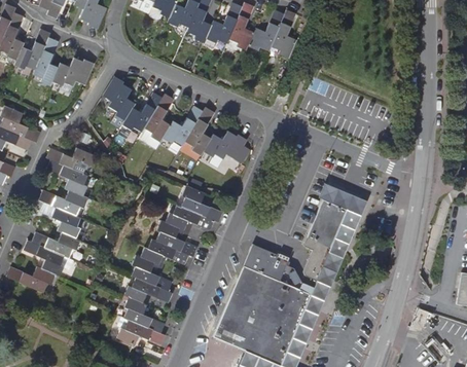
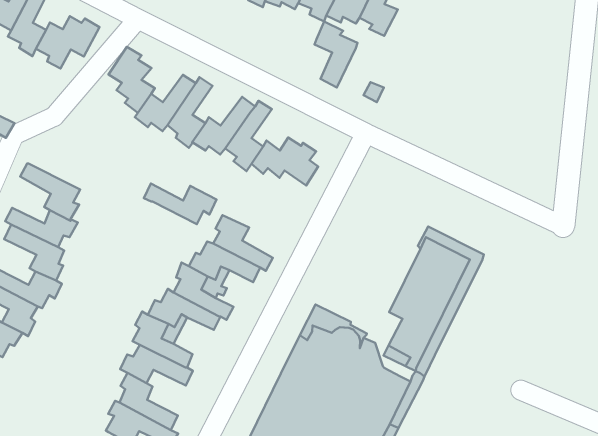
building: none -> [315,22,358,88]
building: [46,147,96,173] -> [144,183,216,224]

